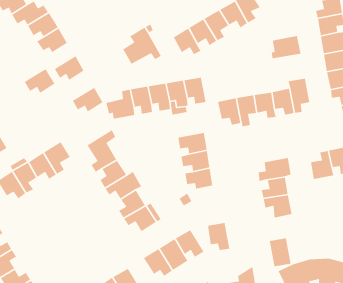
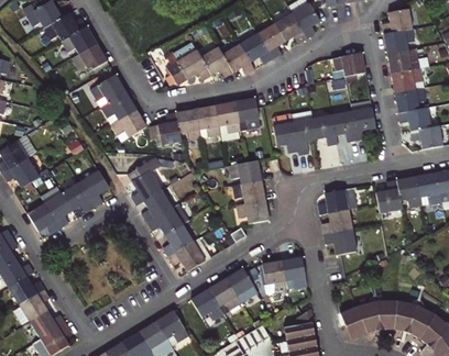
building: none -> [201,46,233,76]
building: [24,68,56,94] -> [101,91,136,120]
building: [269,238,292,267] -> [282,256,307,289]

